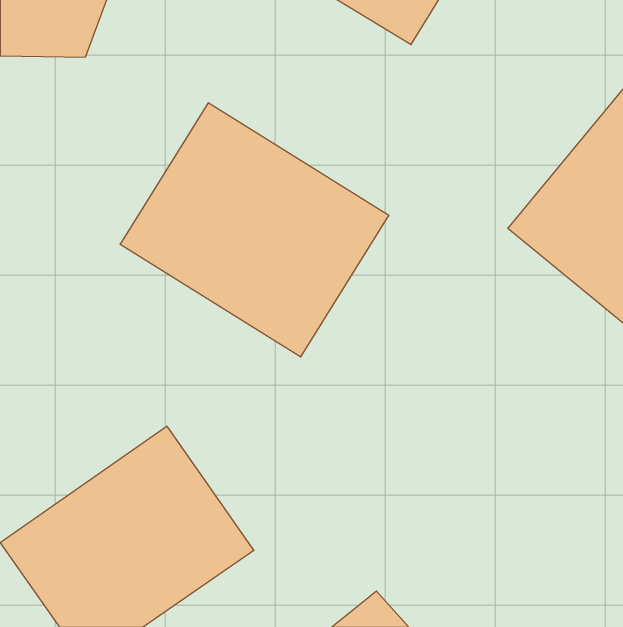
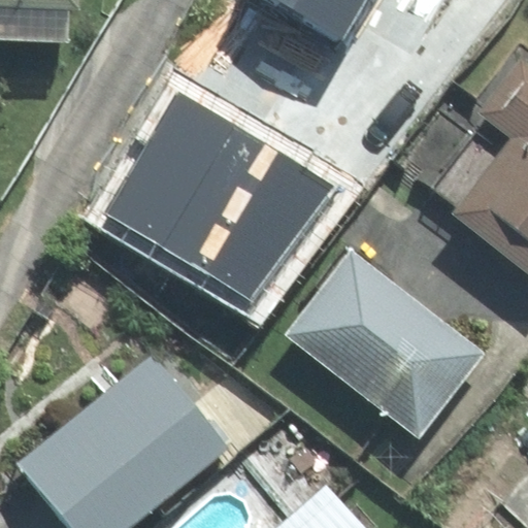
building: none -> [279,263,486,451]

